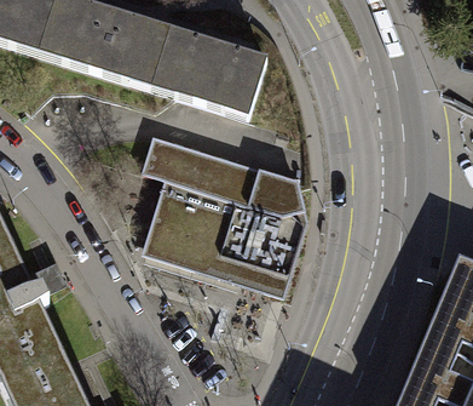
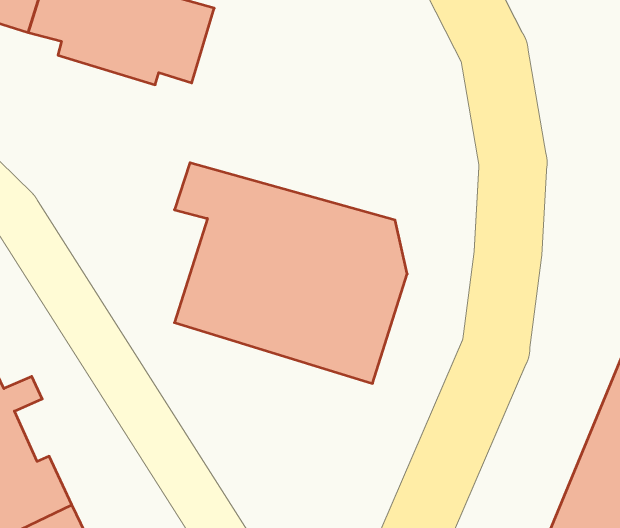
building: [155,30,266,113] -> none

